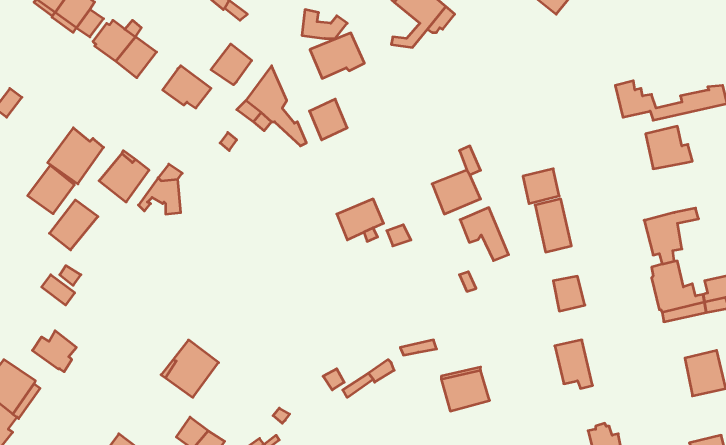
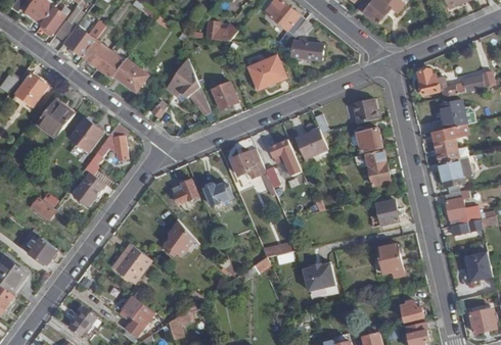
building: [310,33,364,78] -> [248,55,285,86]
building: none -> [290,38,322,59]
building: [211,44,252,85] -> [95,49,123,77]
building: none -> [352,97,377,121]
building: none -> [430,124,468,162]
building: [28,165,74,214] -> [14,73,46,106]
building: [49,200,98,250] -> [70,170,102,204]
building: [460,208,509,261] -> [268,139,301,175]
building: none -> [171,180,197,207]
building: none -> [203,183,232,205]
building: none -> [166,221,193,255]

